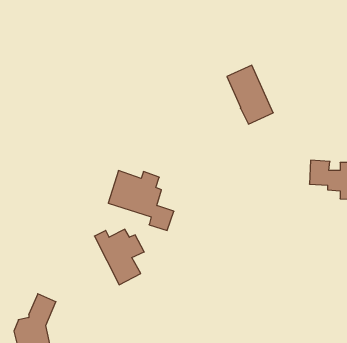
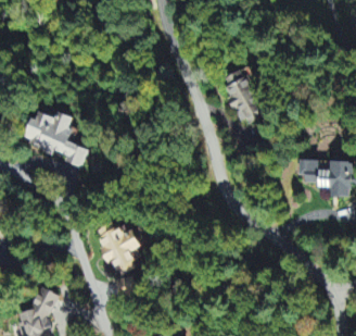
building: [108,171,174,230] -> [24,109,87,166]

